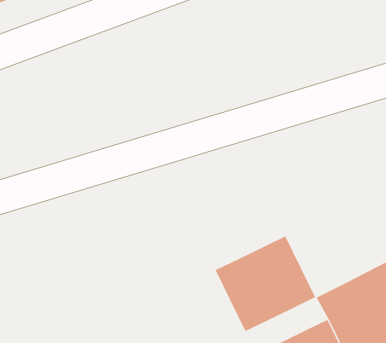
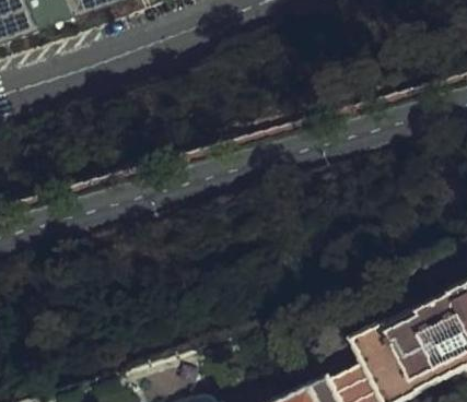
building: [215,235,316,332] -> none

